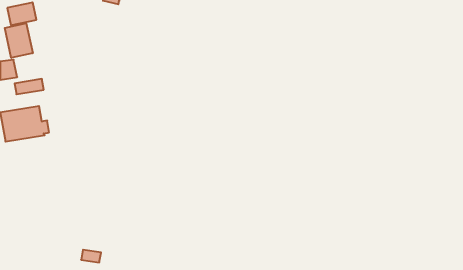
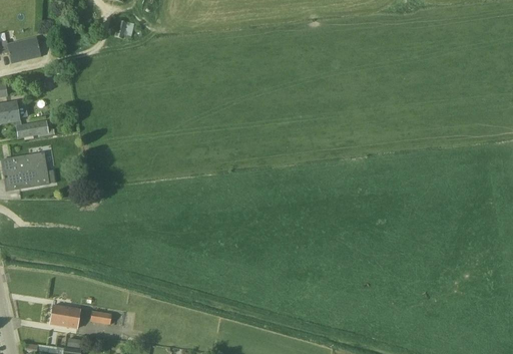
building: [5,23,33,58] -> none
building: none -> [49,304,80,328]

